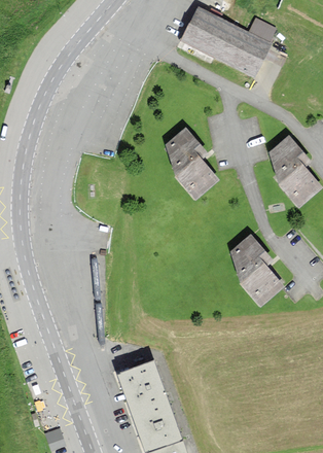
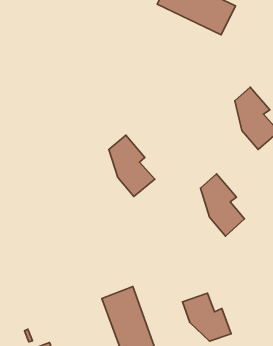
building: [165,128,217,198] -> [109,135,155,196]
building: none -> [182,293,231,341]

